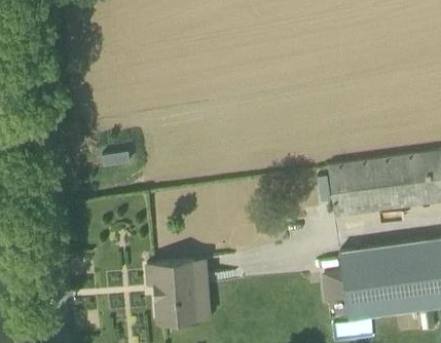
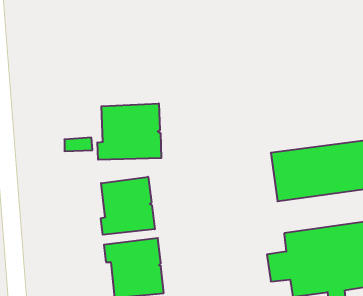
building: none -> [97,103,161,160]
building: none -> [101,177,155,235]

